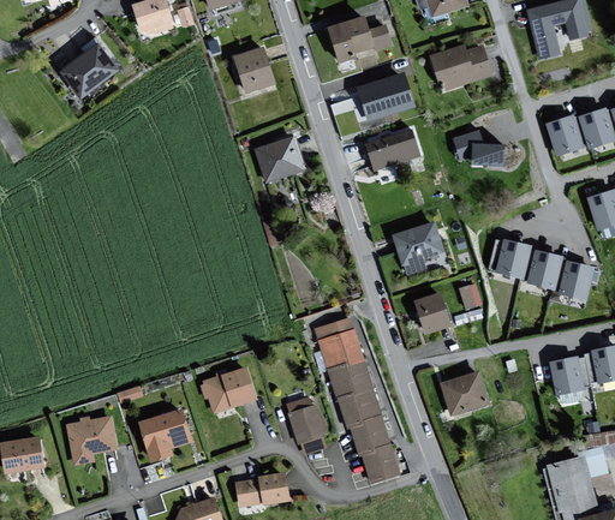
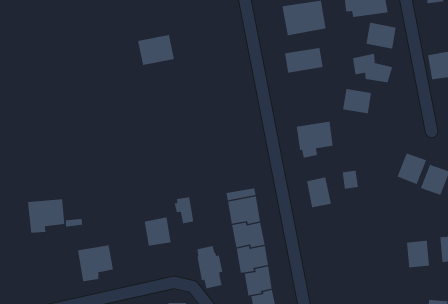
building: none -> [366,22,397,50]
building: [253,137,304,181] -> [137,34,175,66]
building: none -> [342,88,372,114]
building: [496,238,531,277] -> none
building: [440,370,489,417] -> none
building: [197,377,226,413] -> [174,196,194,224]
building: [64,417,115,466] -> [27,199,65,234]

